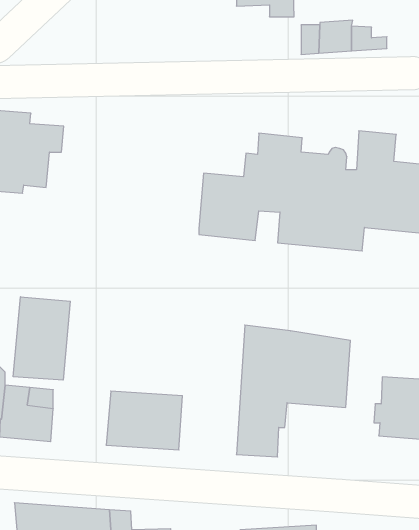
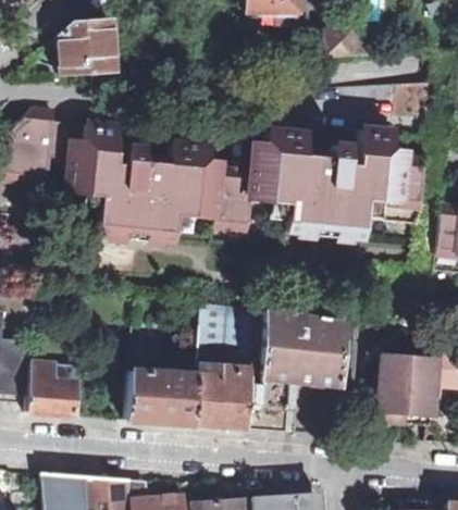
building: none -> [59,20,114,75]
building: none -> [69,124,216,242]
building: [13,297,70,380] -> none
building: none -> [194,302,255,427]

